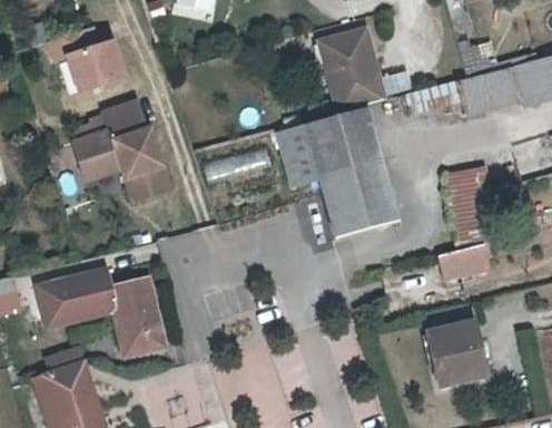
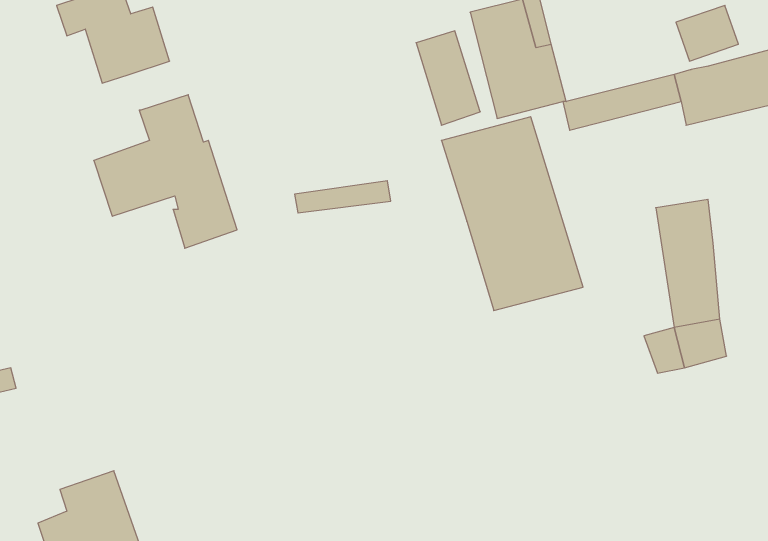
building: [274,127,316,189] -> [416,31,480,125]
building: [40,267,168,359] -> none
building: [420,319,480,383] -> none

